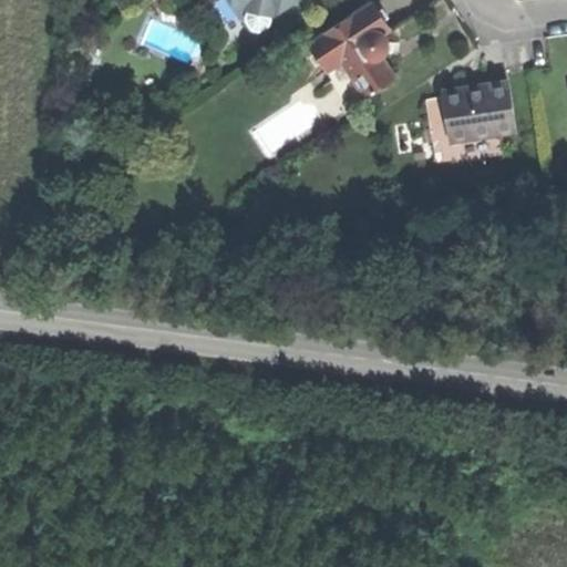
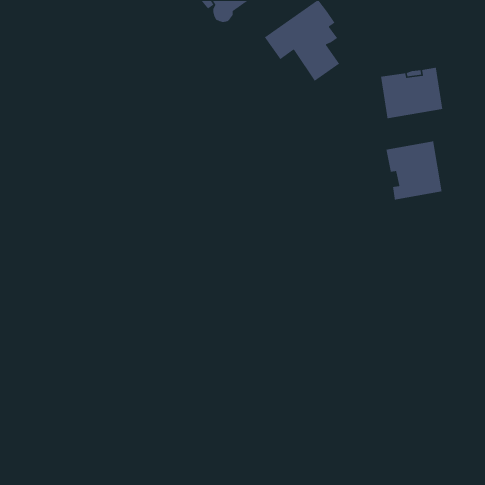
building: none -> [386,140,442,201]

